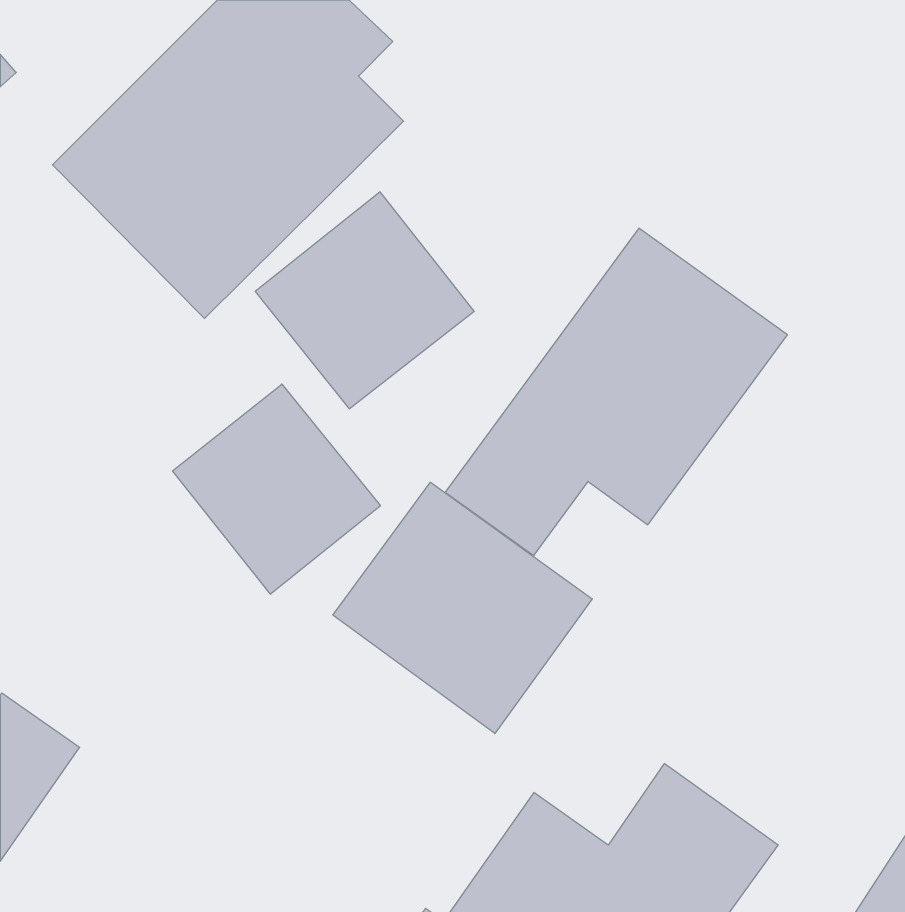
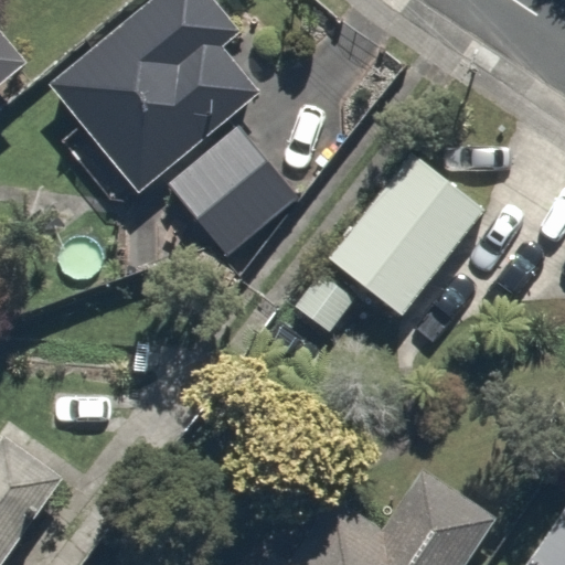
building: [172,384,380,594] -> none
building: [333,482,592,734] -> none

